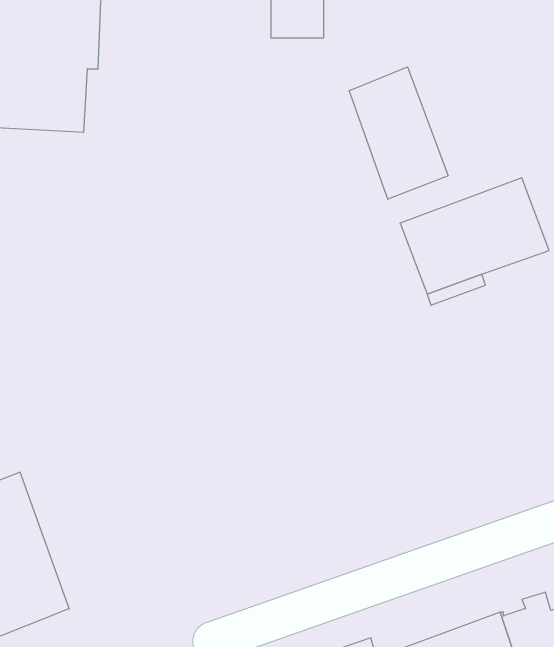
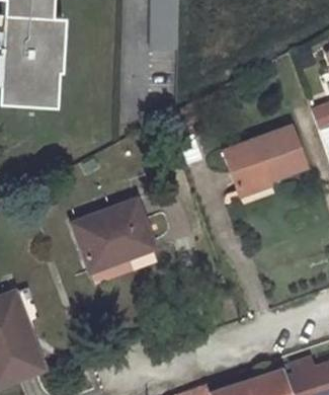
building: [349,67,448,199] -> none
building: none -> [73,204,152,275]

